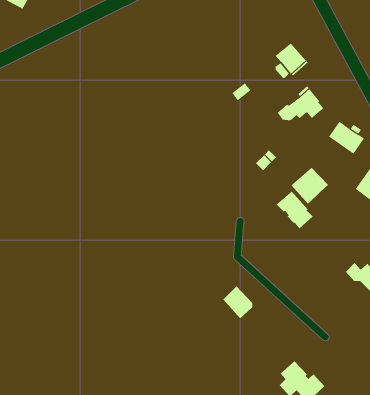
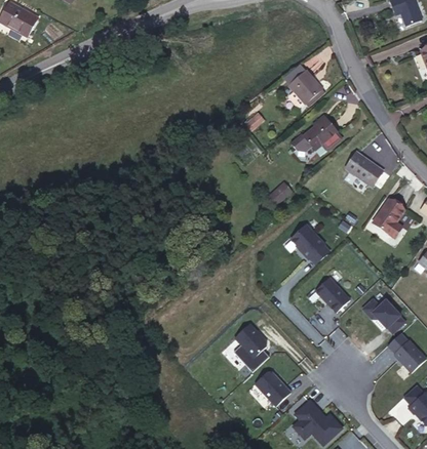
building: [291,167,329,204] -> none
building: none -> [315,277,350,313]
building: none -> [255,371,290,406]

